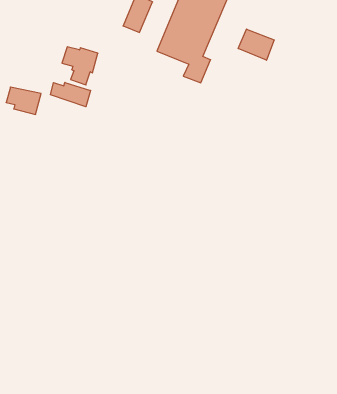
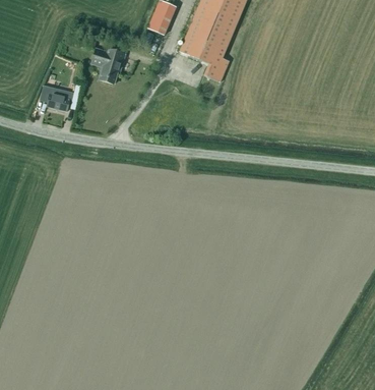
building: [238,29,274,60] -> none
building: [50,82,91,107] -> none

